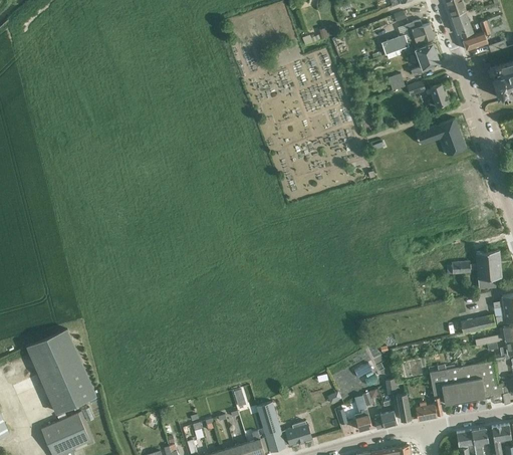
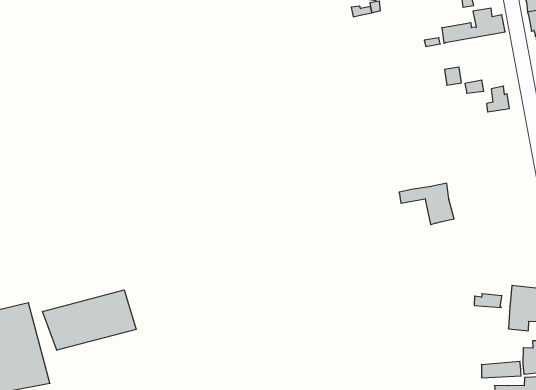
building: [411,42,440,75] -> none
building: [416,119,466,156] -> [399,183,454,225]
building: none -> [43,290,136,350]

